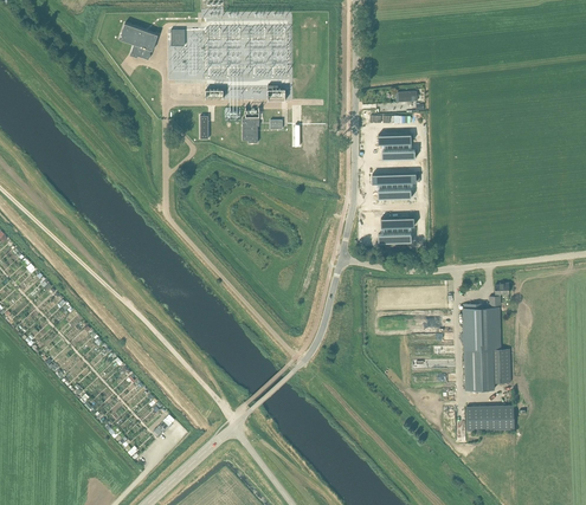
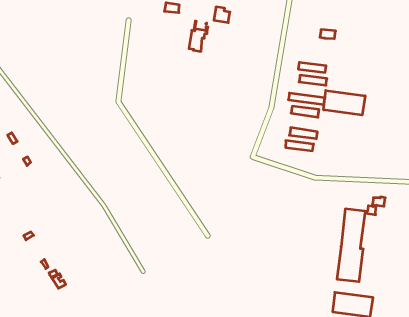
building: none -> [324,90,365,115]
building: [492,349,510,383] -> none

